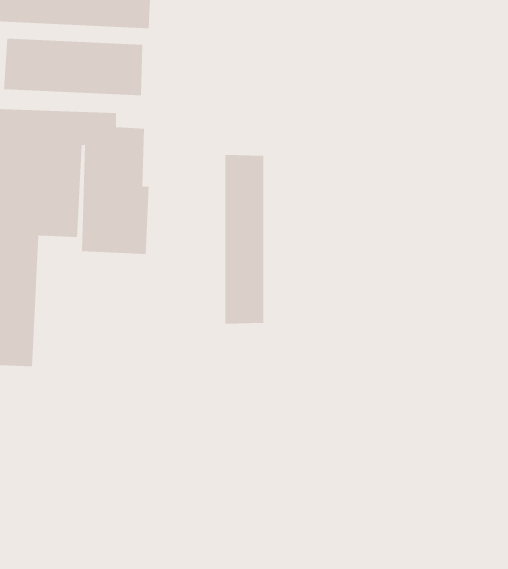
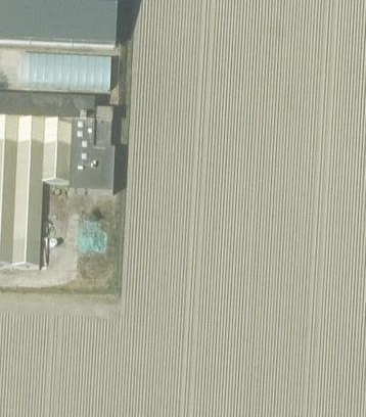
building: [225,154,264,324] -> none

